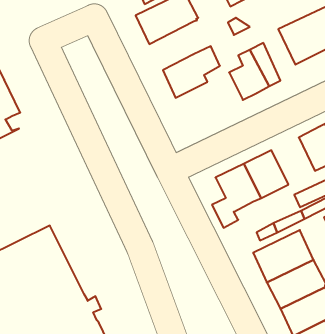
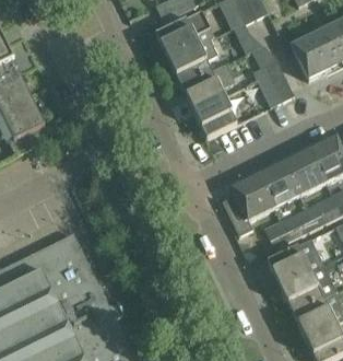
building: none -> [167,37,217,84]
building: none -> [192,95,236,137]
building: none -> [284,149,326,194]

